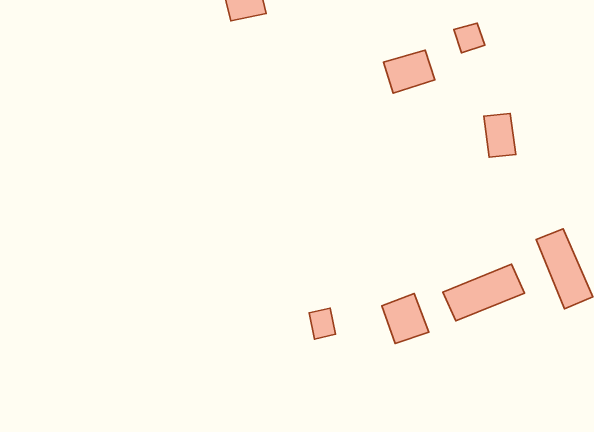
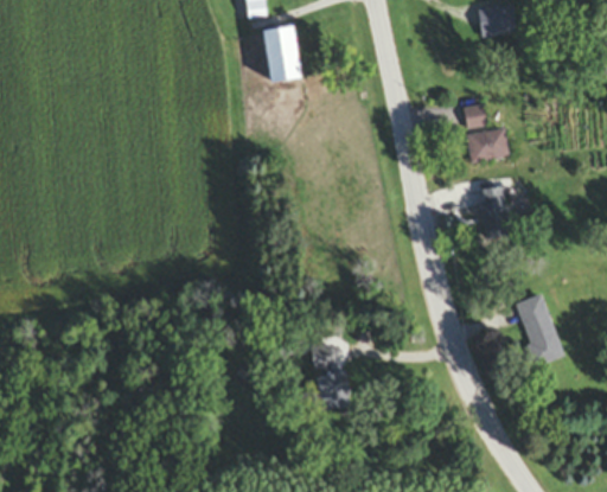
building: [384,50,435,93] -> [467,128,511,164]
building: [443,264,524,321] -> none
building: [382,293,429,343] -> [314,369,353,411]

